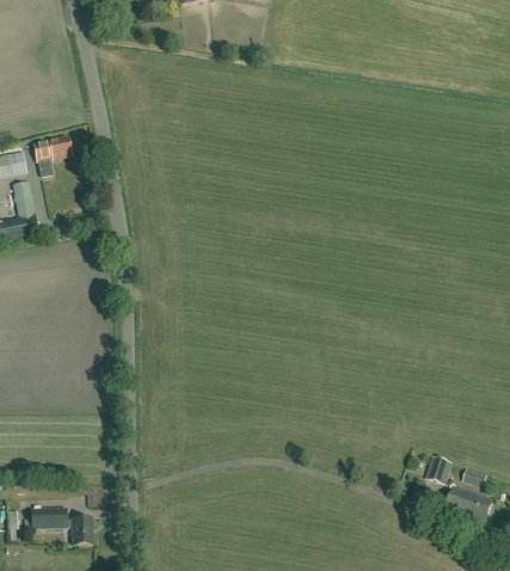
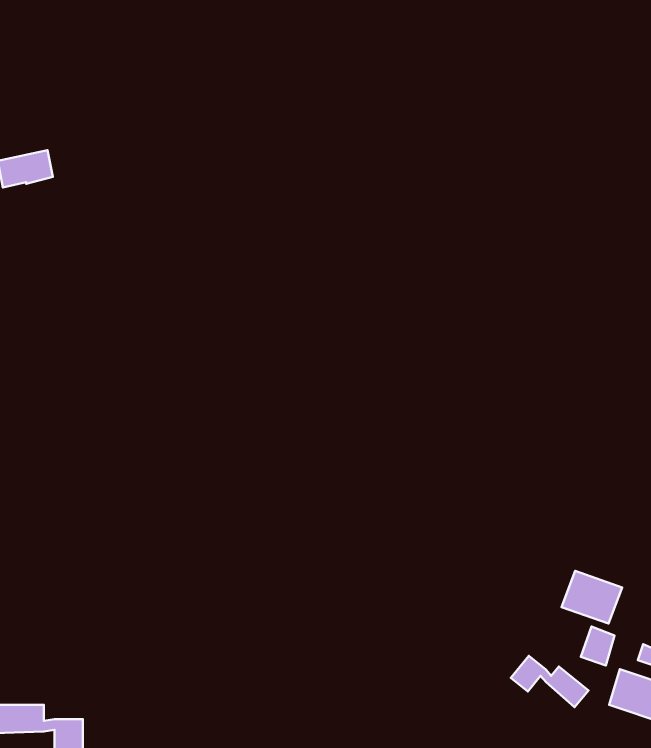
building: none -> [561,571,622,624]
building: none -> [511,656,588,707]

